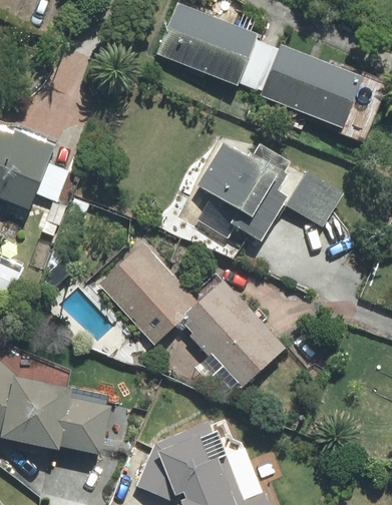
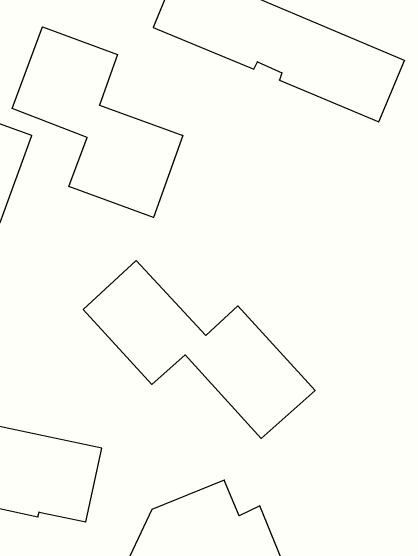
building: none -> [12,27,183,217]
building: [198,143,342,238] -> none

